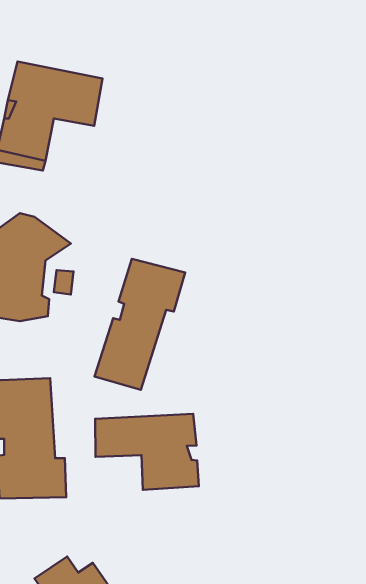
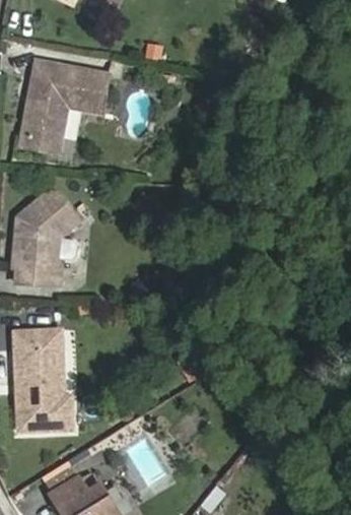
building: [95,259,185,390] -> none
building: [95,414,199,490] -> none

